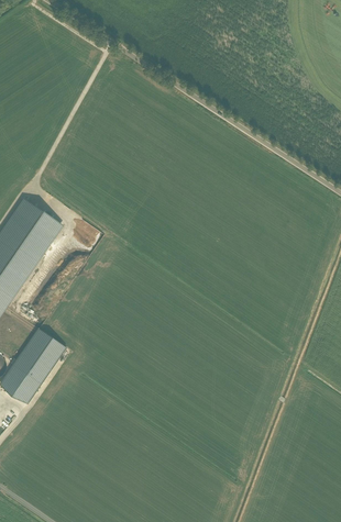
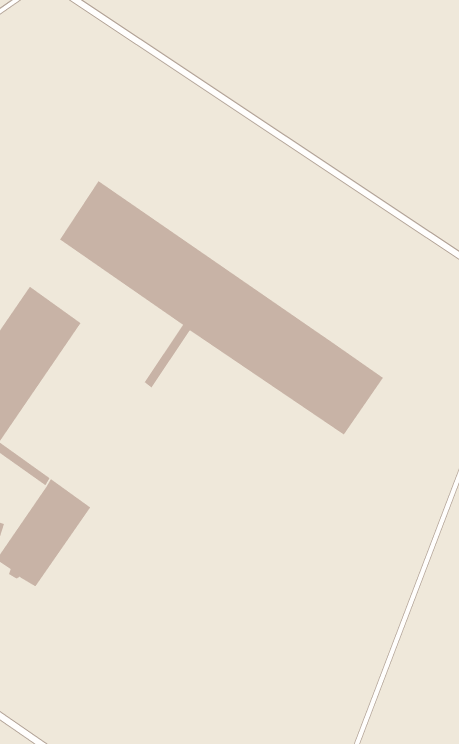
building: none -> [59,180,384,435]

